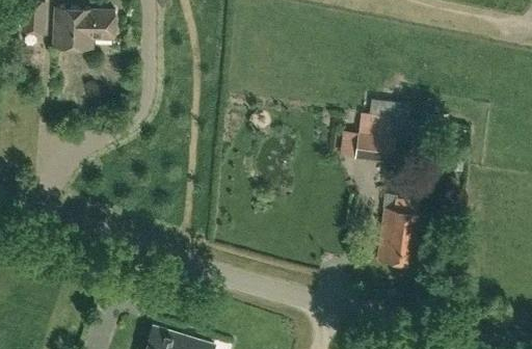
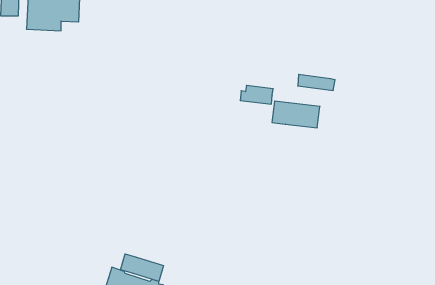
building: [360,114,398,136] -> [240,85,273,104]
building: [378,196,426,263] -> none
building: none -> [120,254,164,281]

